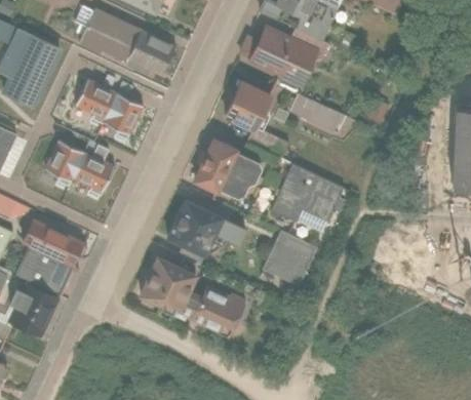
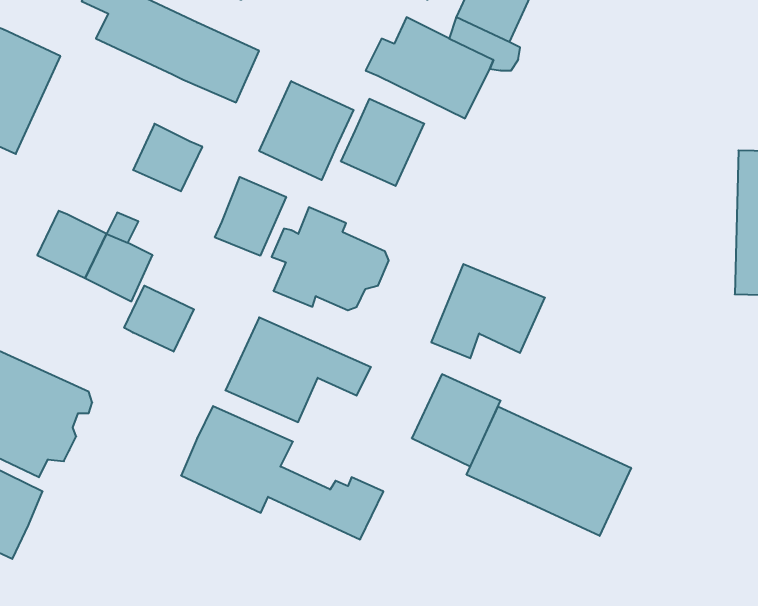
building: none -> [259,81,354,180]
building: [78,78,118,117] -> none
building: [290,91,349,132] -> none
building: none -> [215,177,286,256]
building: none -> [124,286,194,352]
building: none -> [467,407,631,536]

